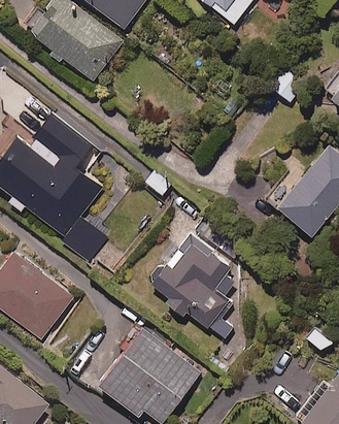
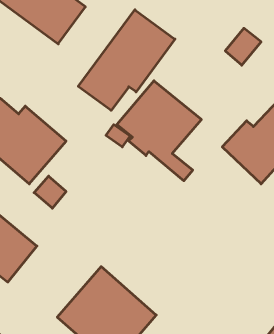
building: none -> [78,10,175,110]
building: [152,233,242,339] -> [117,81,201,181]

